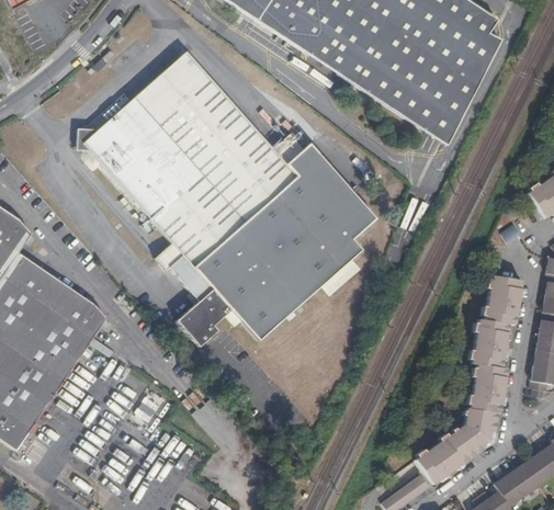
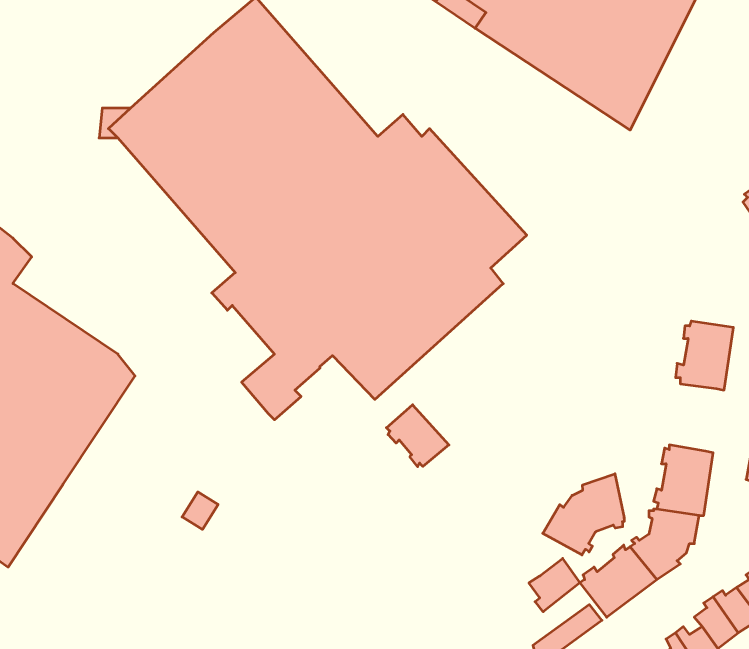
building: [467,320,509,369] -> none
building: none -> [386,405,449,467]
building: none -> [543,474,624,555]
building: none -> [529,558,580,612]

